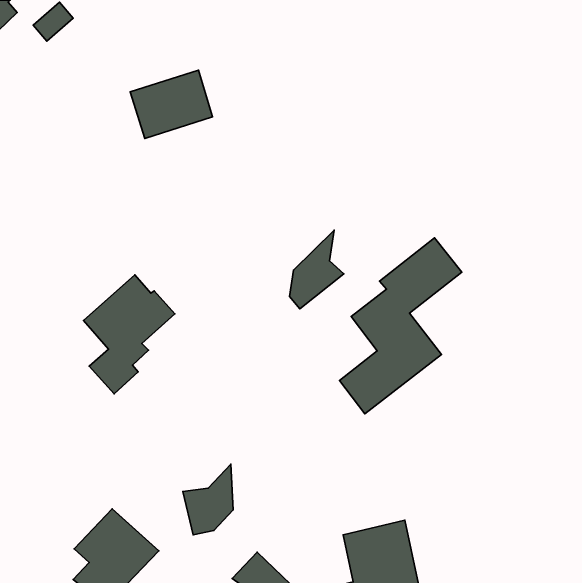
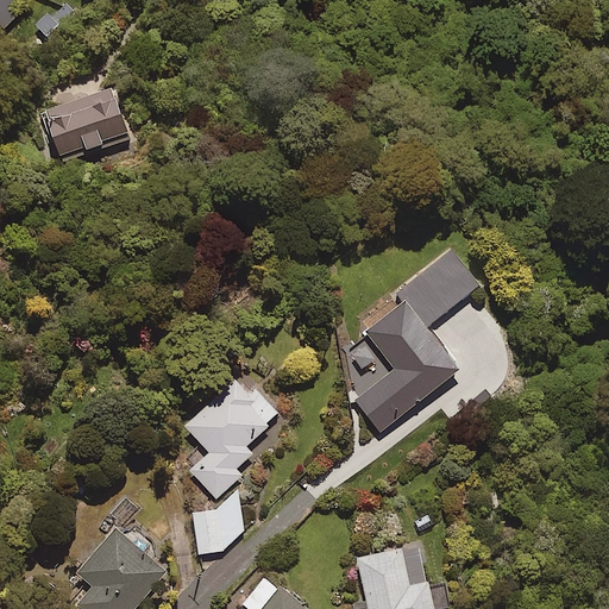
building: [130,70,212,139] -> [43,87,128,158]
building: [289,230,344,309] -> none
building: [83,275,175,394] -> [183,376,278,500]

